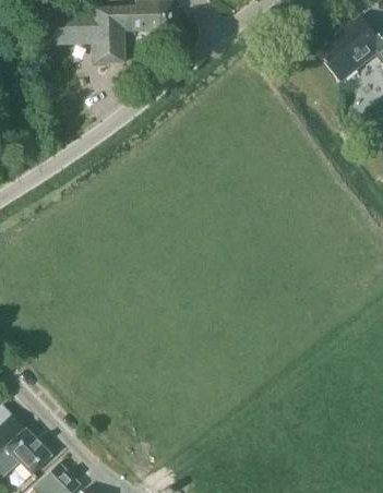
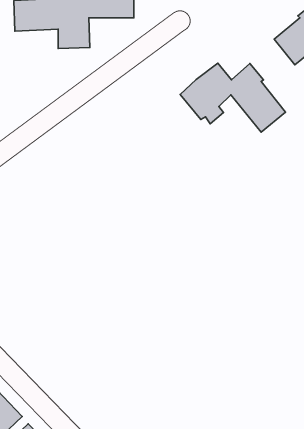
building: none -> [180,63,285,132]

